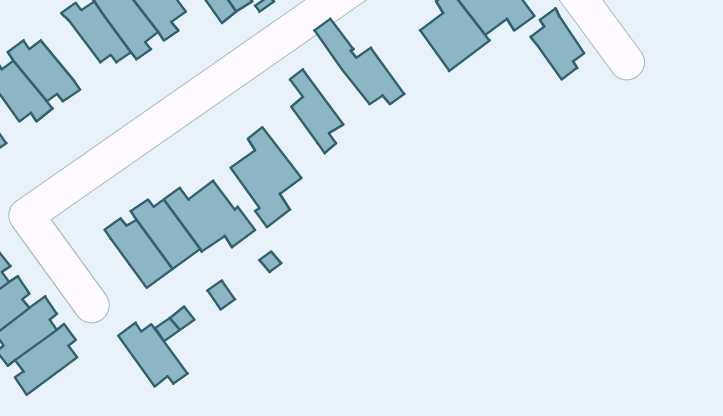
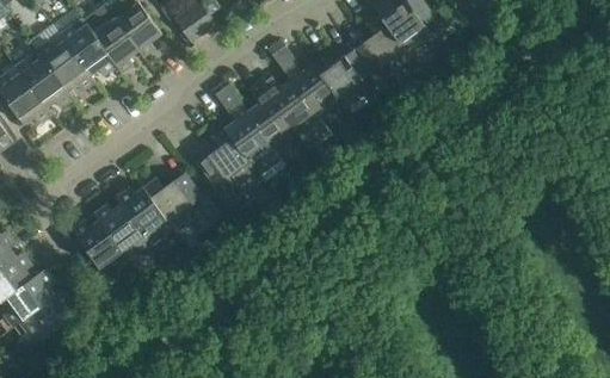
building: [531,8,584,79] -> none
building: none -> [36,39,94,91]
building: none -> [313,48,377,105]
building: none -> [257,73,332,145]
building: none -> [211,80,284,179]
building: [118,323,188,386] -> [70,218,128,271]

